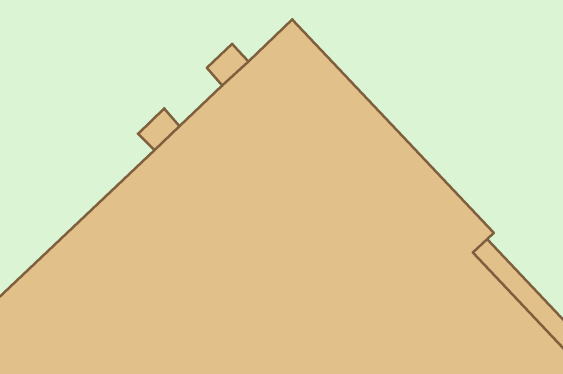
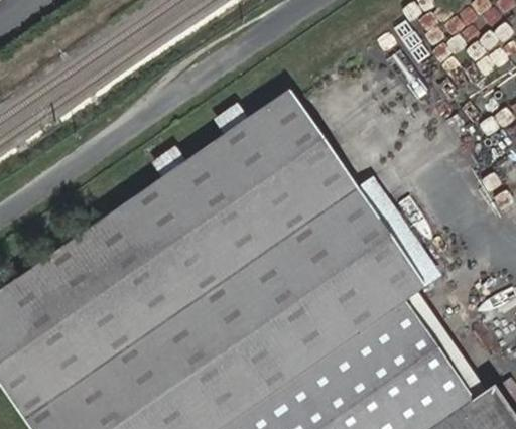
building: none -> [356,178,441,289]

